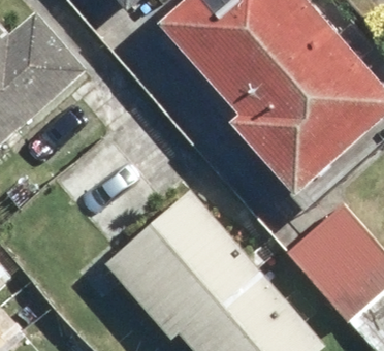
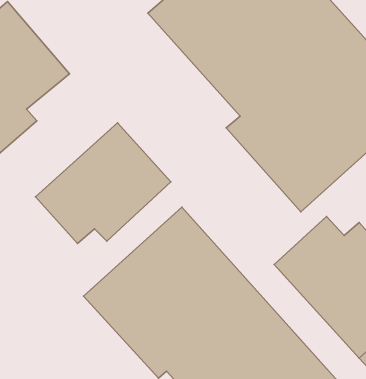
building: none -> [36,123,171,244]

